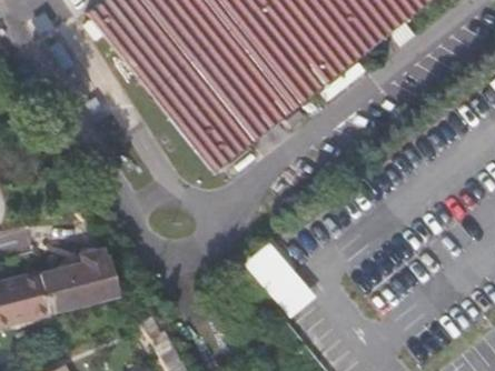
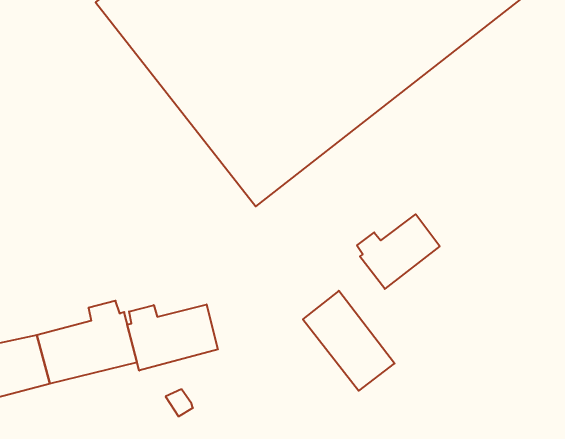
building: none -> [357,214,440,289]
building: none -> [127,304,218,371]

